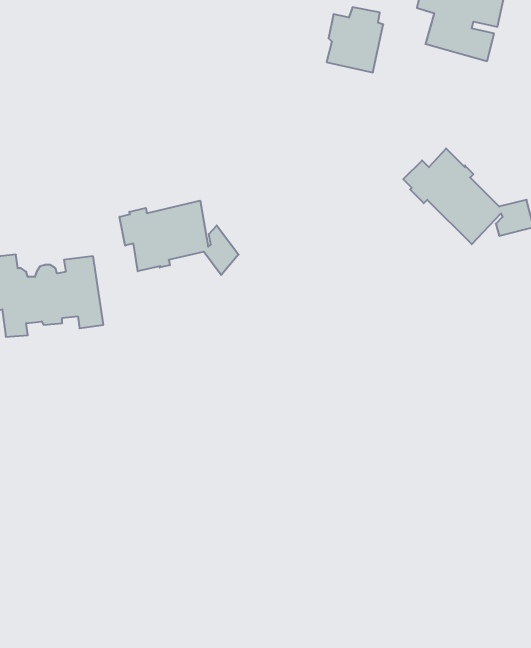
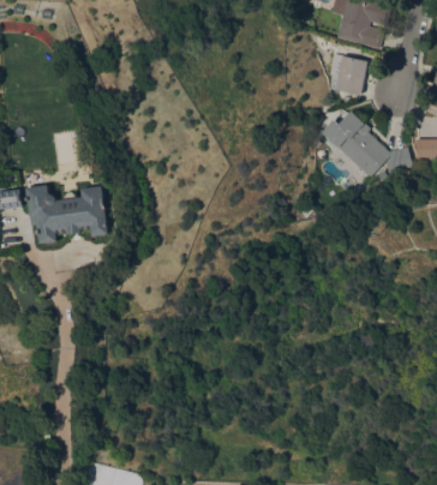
building: [327,7,383,72] -> [327,49,366,95]
building: [120,201,239,275] -> none

